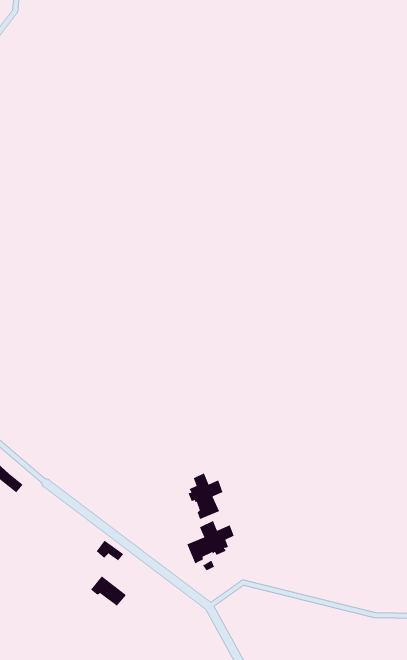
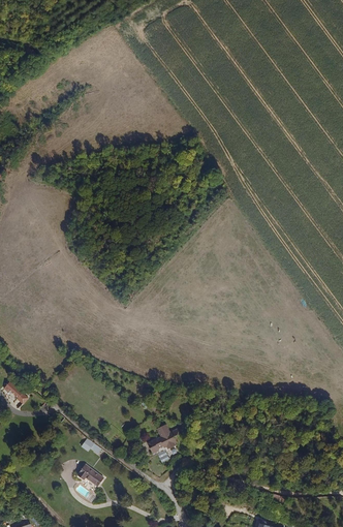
building: [188,473,223,520] -> none

